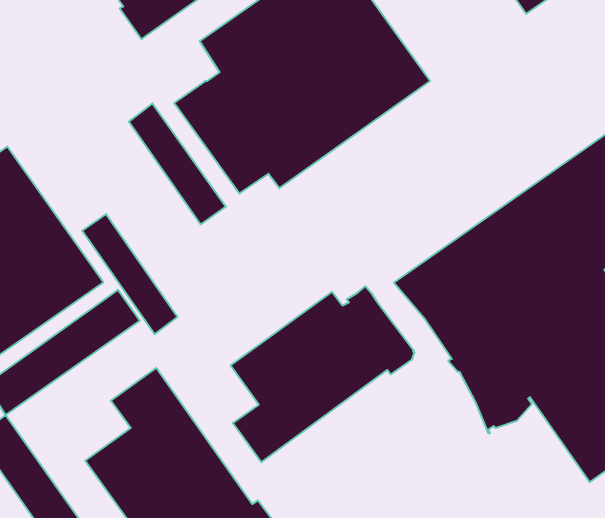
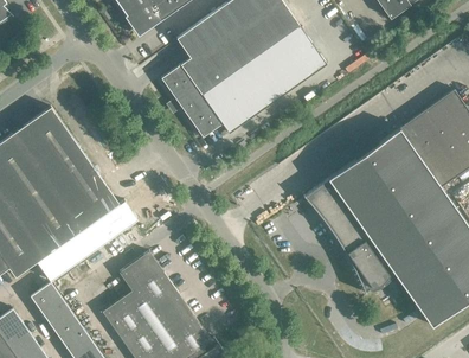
building: [129,103,226,224] -> none
building: [82,214,177,334] -> none
building: [231,286,414,462] -> none

